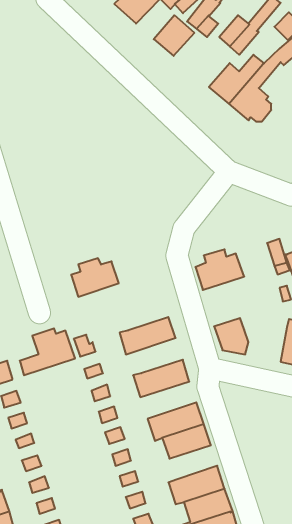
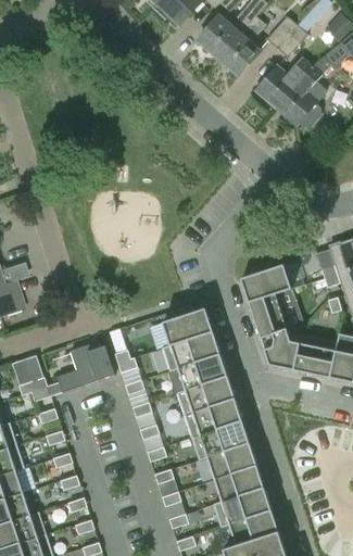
building: none -> [218,35,260,77]
building: [71,258,119,297] -> [163,305,213,345]
building: none -> [249,294,288,341]
building: none -> [292,334,337,378]
building: none -> [177,353,228,390]
building: none -> [184,399,242,438]
building: none -> [214,465,264,501]

